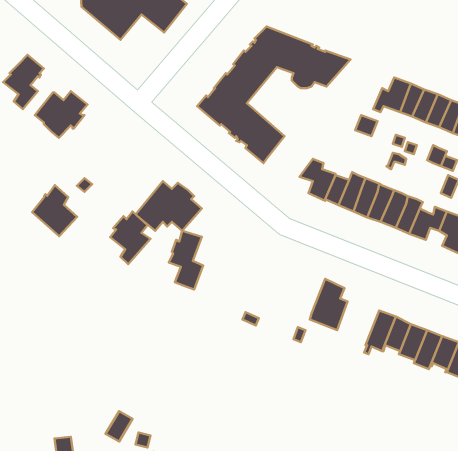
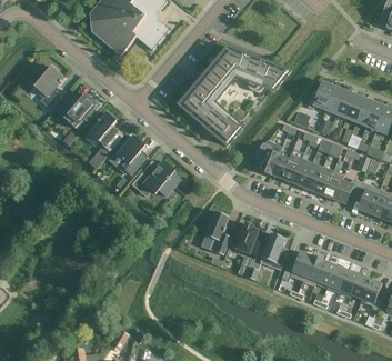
building: [32,185,77,236] -> [90,112,123,150]
building: [110,212,151,264] -> [118,136,148,174]
building: [169,231,203,290] -> [205,211,231,254]
building: none -> [235,221,262,255]
building: none -> [282,251,312,281]

